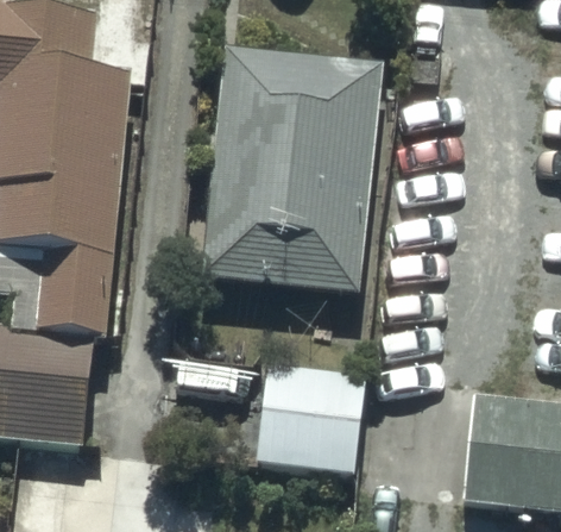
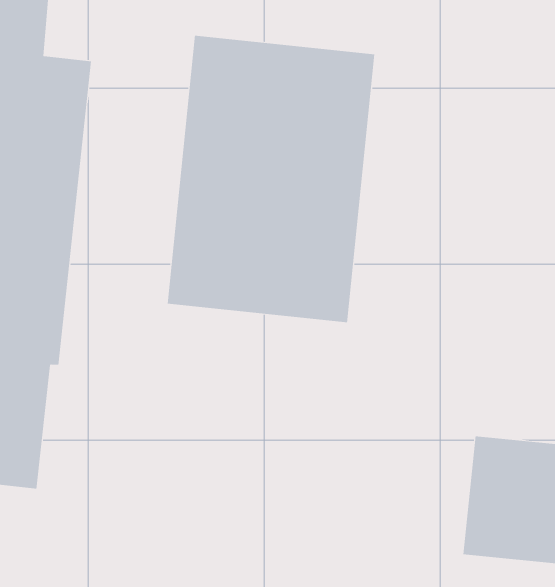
building: [257,365,360,469] -> none

